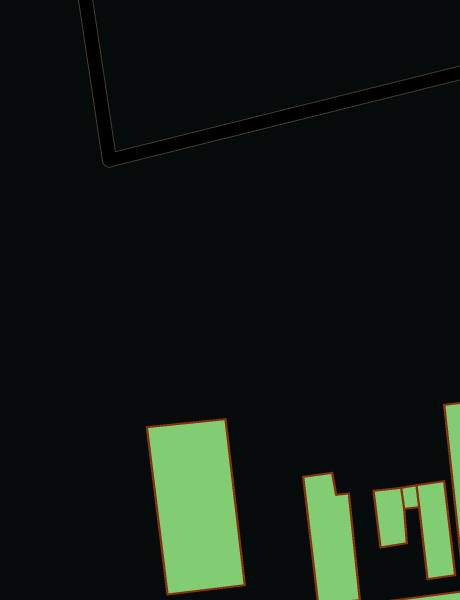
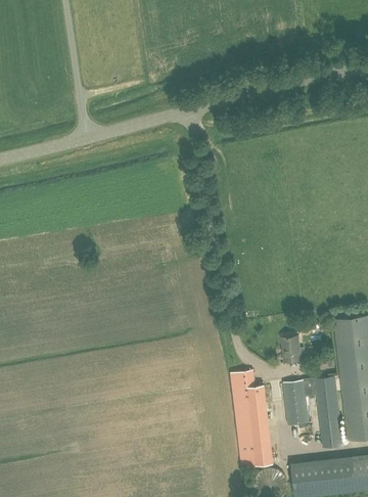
building: [147,419,245,594] -> none
building: none -> [279,335,301,363]

